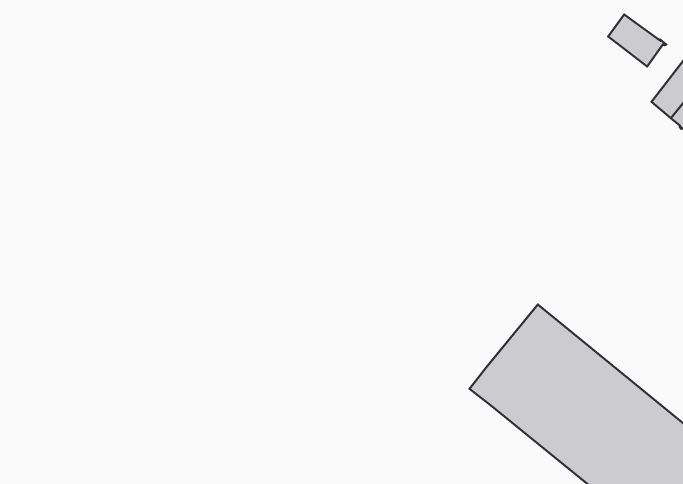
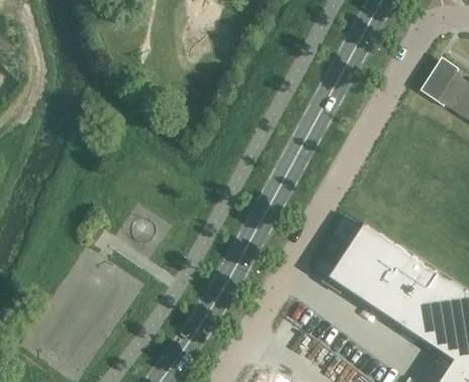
building: [608,14,666,66] -> none

